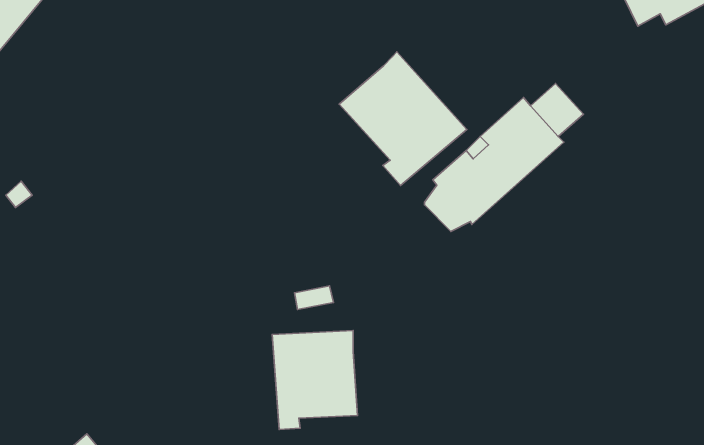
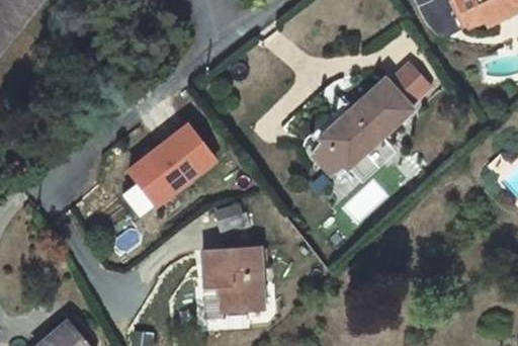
building: [339,52,467,186] -> none
building: none -> [119,117,213,205]

